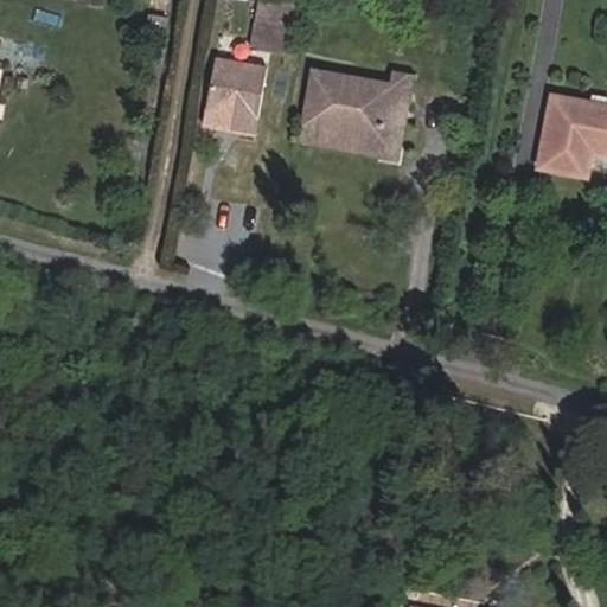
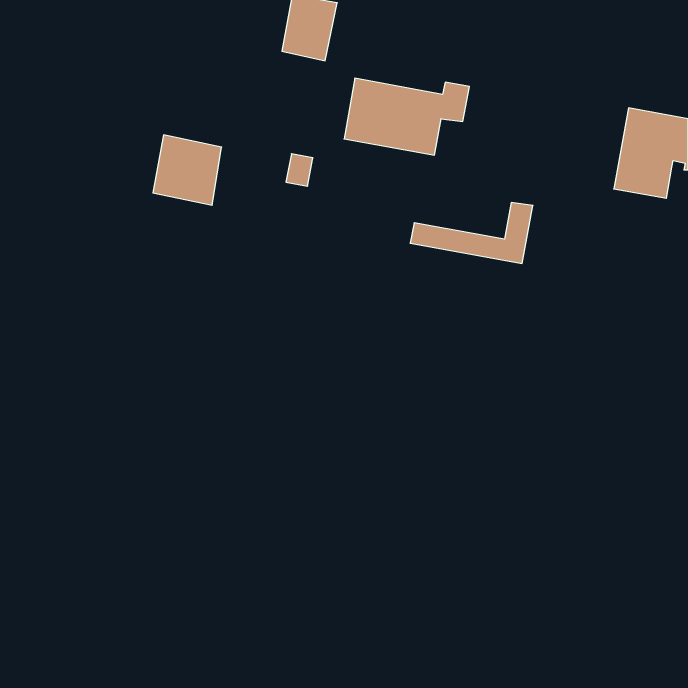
building: [205,57,266,119] -> [153,135,222,205]
building: [299,104,407,158] -> [410,203,533,263]

